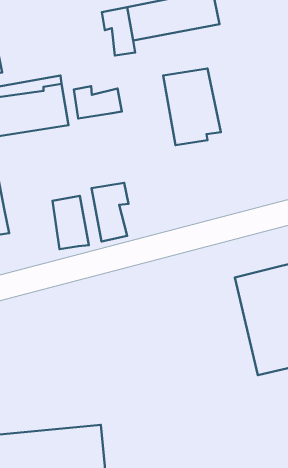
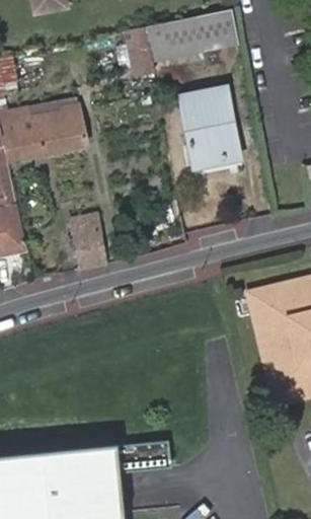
building: [74,86,122,119] -> none
building: [92,183,128,241] -> none

